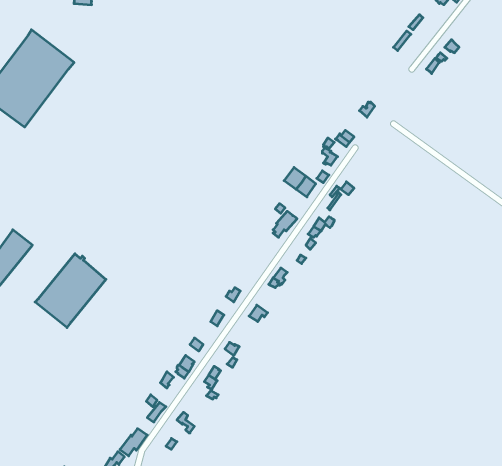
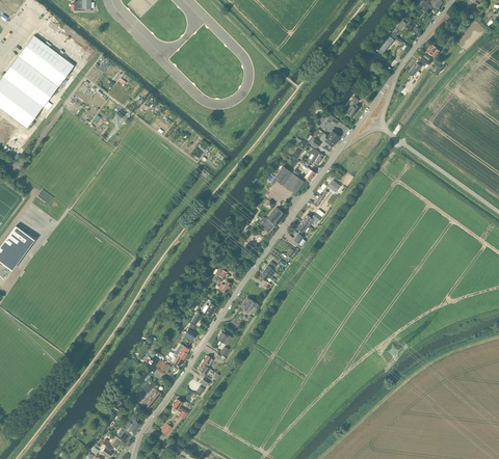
building: [35,254,106,328] -> none

